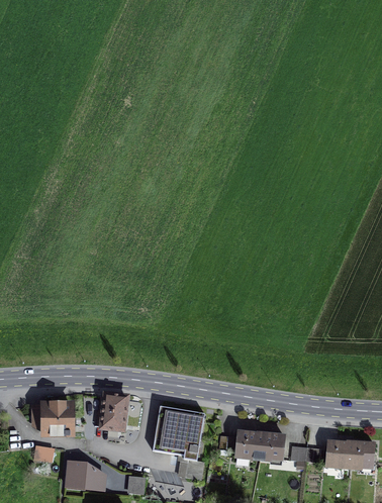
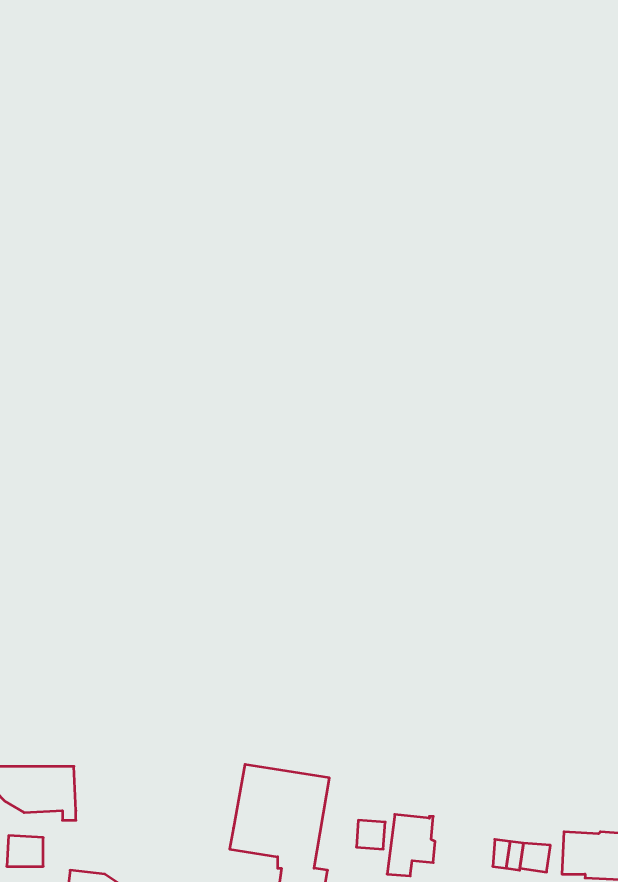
building: [94,396,126,436] -> none
building: [259,432,284,458] -> none

